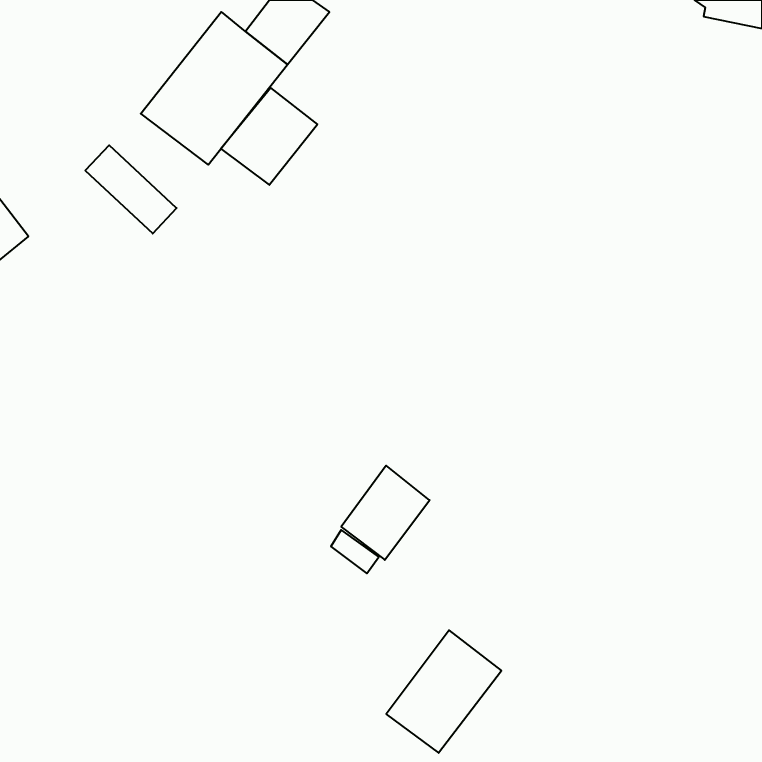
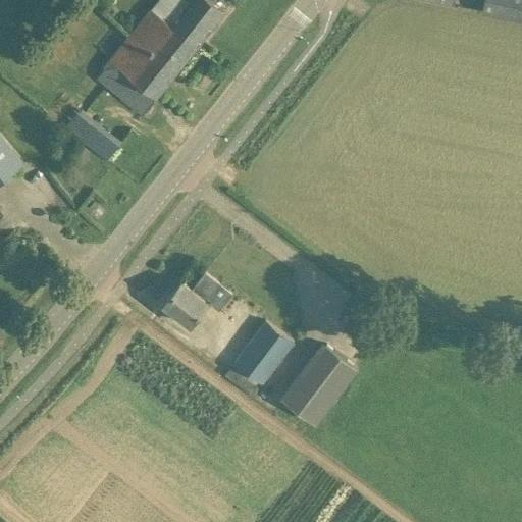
building: [221,88,317,185] -> none
building: none -> [162,272,217,324]
building: [386,630,501,753] -> [279,341,358,424]

